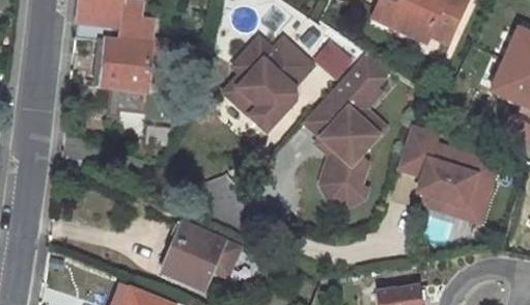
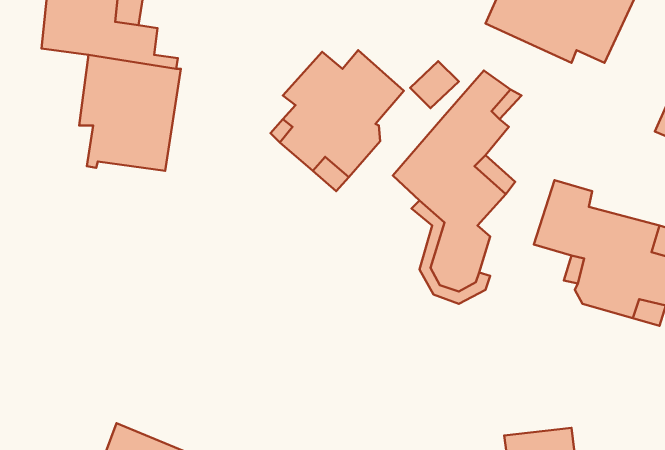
building: [165,221,240,287] -> none

